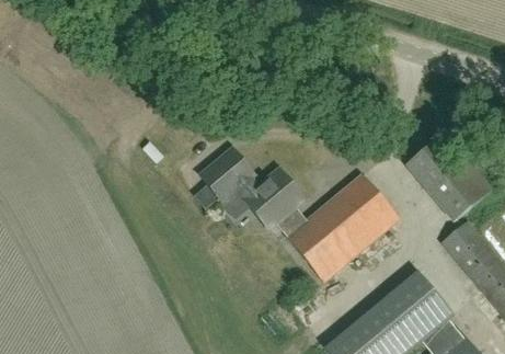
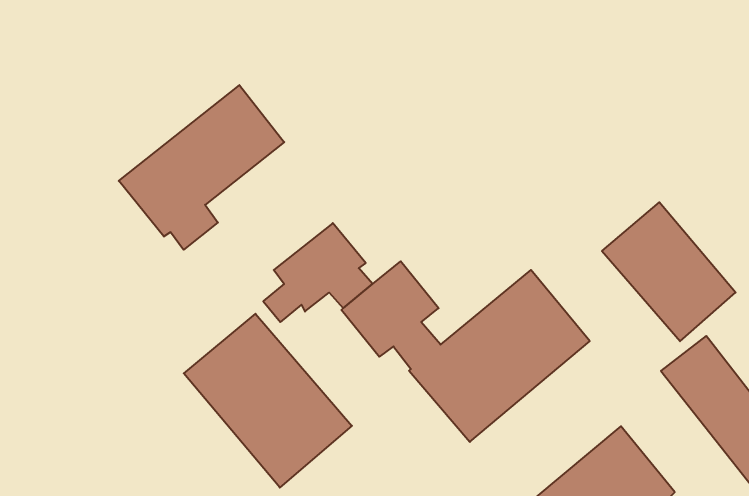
building: none -> [119,85,284,250]
building: none -> [184,314,352,488]

